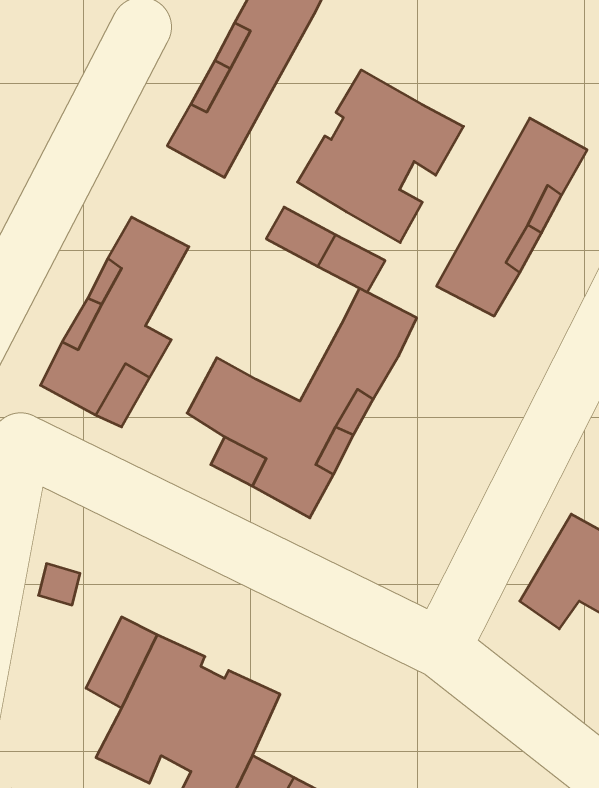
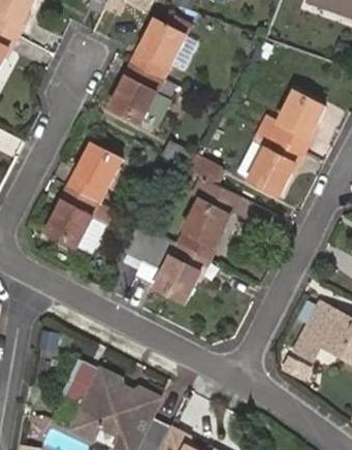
building: [297,70,464,243] -> none

